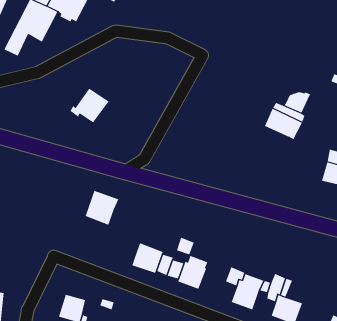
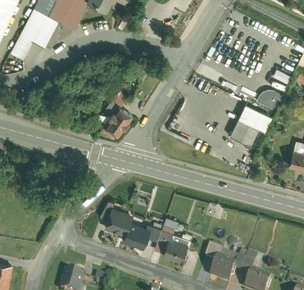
building: [69,88,109,123] -> [99,105,134,136]
building: none -> [230,118,260,146]
building: [85,190,119,225] -> [103,203,133,234]

